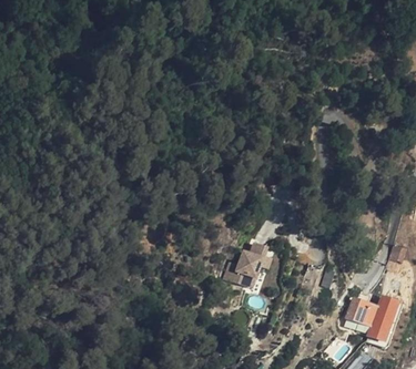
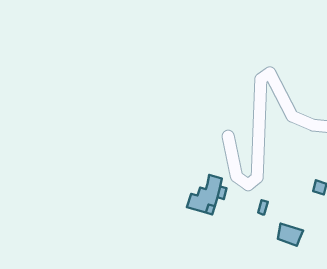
building: [366,296,398,340] -> none

